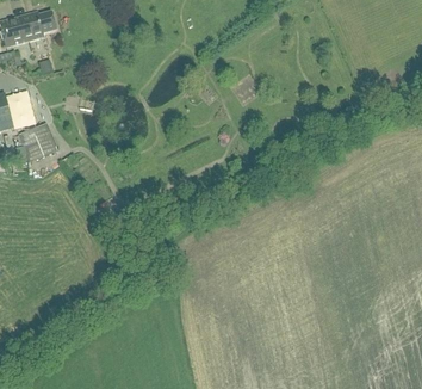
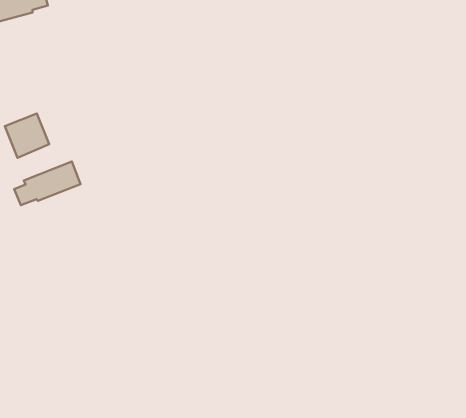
building: none -> [14,162,80,205]

